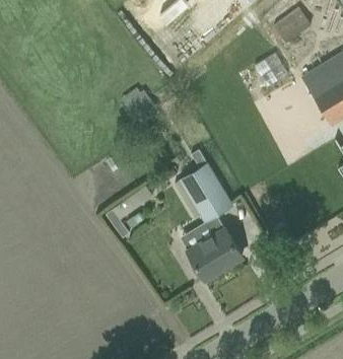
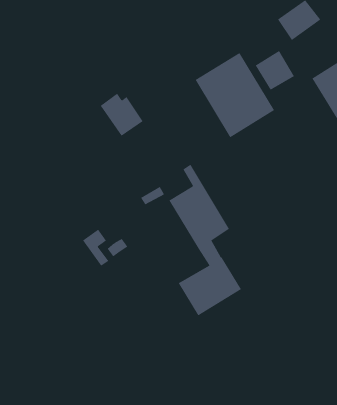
building: none -> [195,52,275,138]

